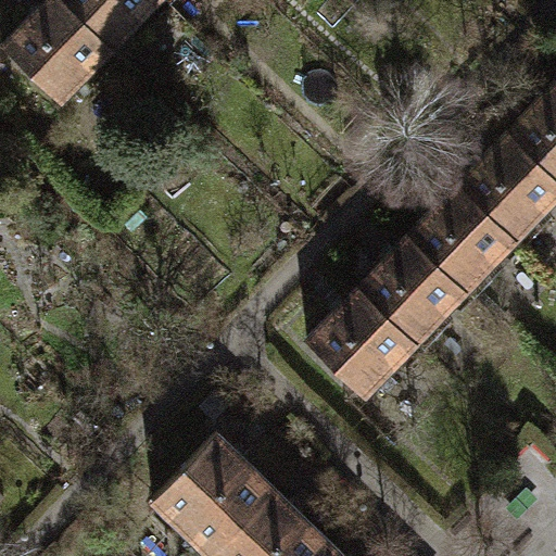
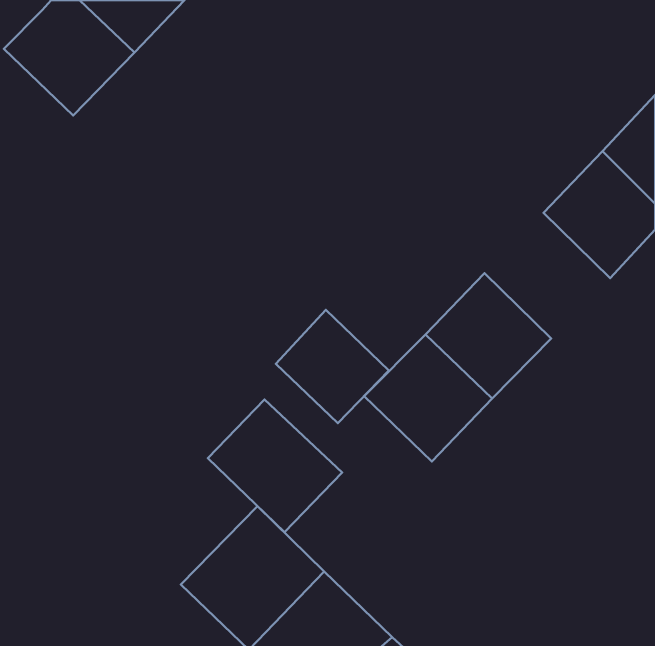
building: [410,188,517,294] -> none
building: none -> [276,310,389,423]
building: none -> [208,400,342,532]

